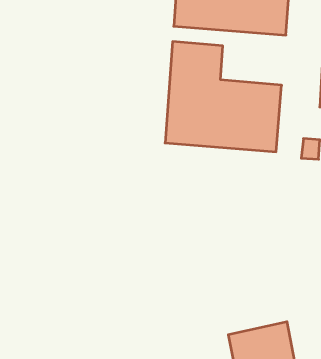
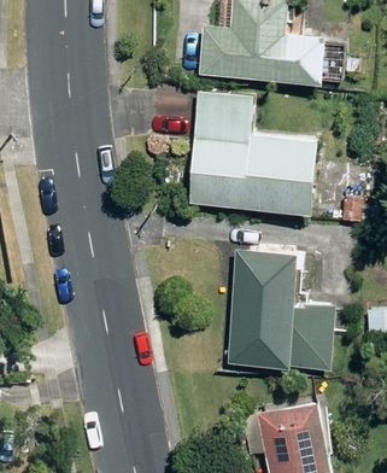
building: none -> [227,251,334,370]

